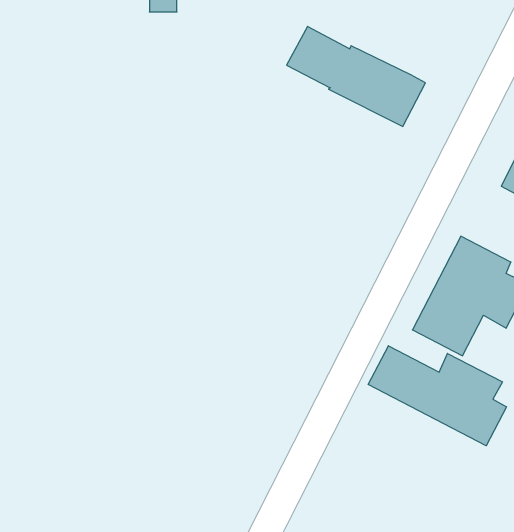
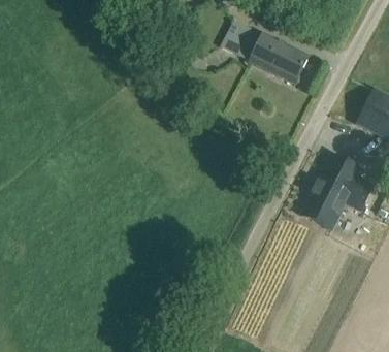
building: [368,346,506,446] -> none

